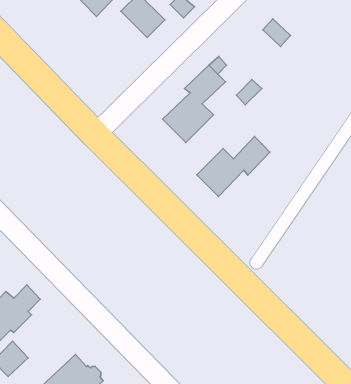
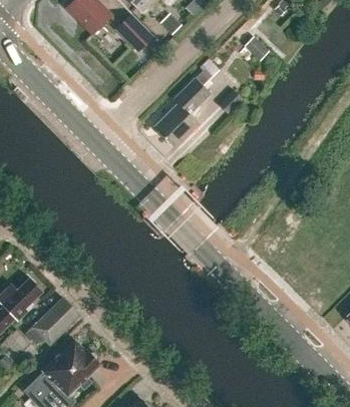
building: [197,137,270,196] -> none
building: none -> [25,298,79,346]

